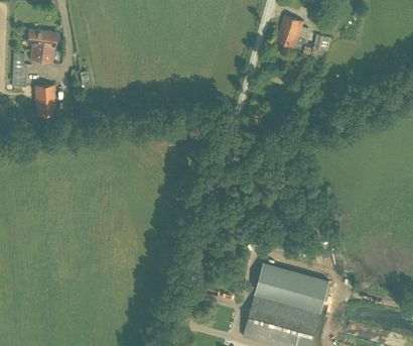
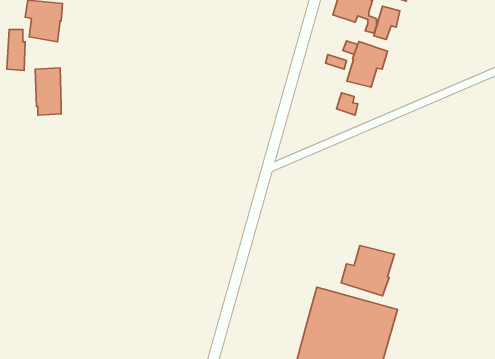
building: none -> [347,41,387,87]
building: none -> [341,245,395,296]

